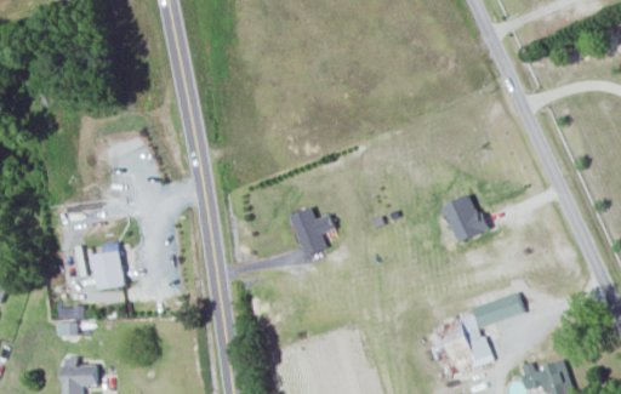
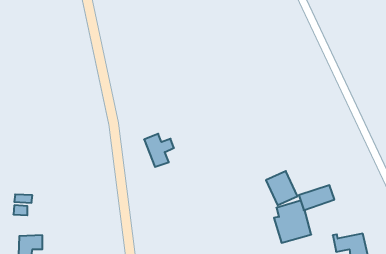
building: [441,193,488,242] -> [266,171,297,205]
building: [290,206,334,255] -> [144,134,174,167]
building: [93,250,124,287] -> none

